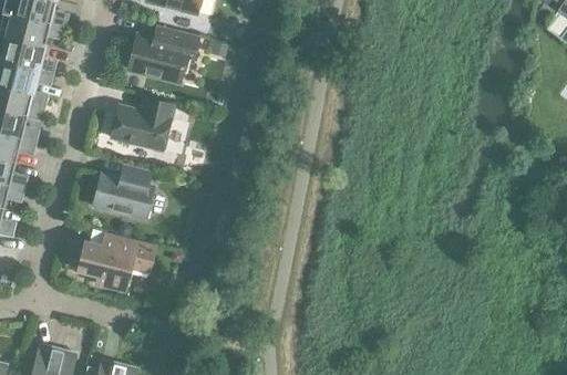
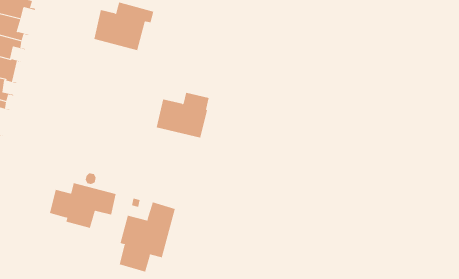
building: [111,97,173,150] -> [156,92,210,138]
building: [93,164,154,219] -> none
building: none -> [119,202,175,272]

